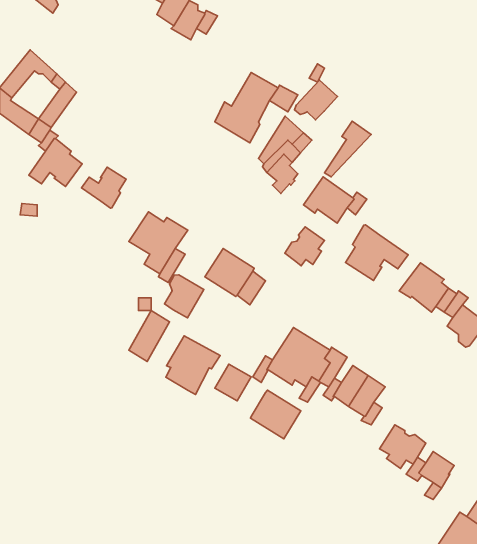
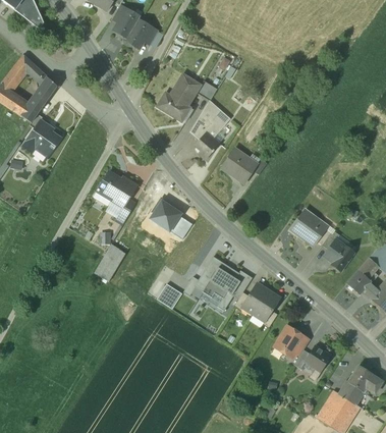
building: [295,80,338,120] -> none
building: [325,121,371,177] -> none
building: [81,167,126,208] -> none
building: [346,225,408,281] -> none
building: [285,227,325,266] -> none
building: [164,275,204,318] -> none
building: [166,336,220,394] -> none
building: [251,390,301,439] -> none

